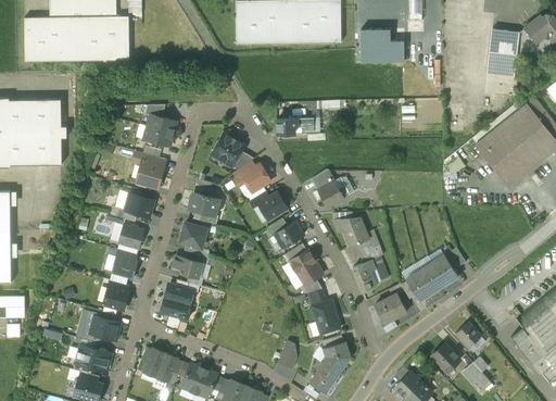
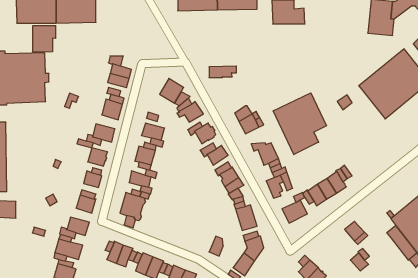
building: none -> [33,26,56,52]
building: none -> [273,93,327,155]
building: [432,342,462,372] -> none

